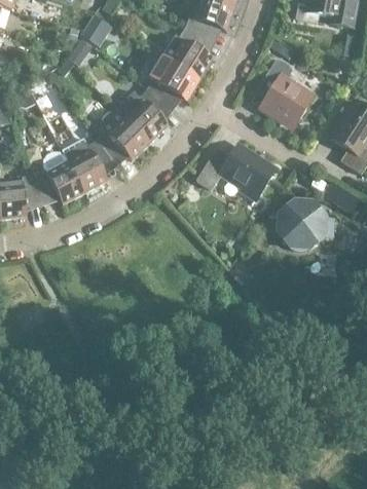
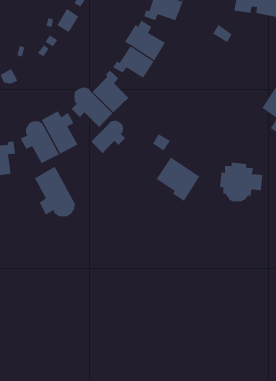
building: [259,59,315,125] -> none
building: [221,145,274,203] -> [156,157,200,205]
building: none -> [91,120,126,154]
building: none -> [34,166,75,217]

